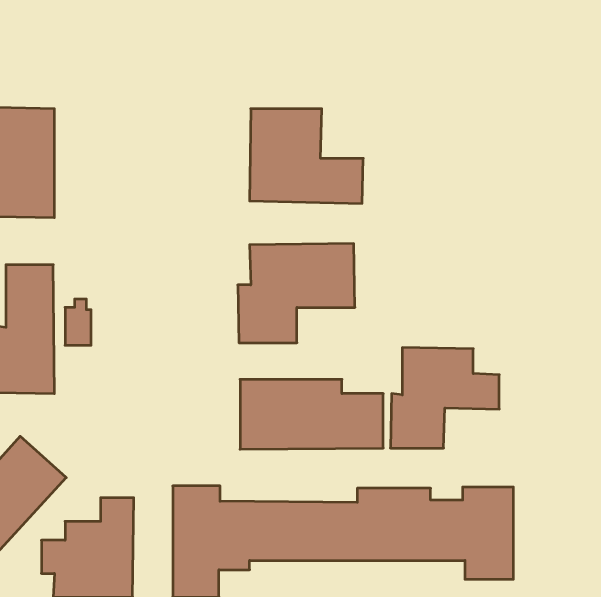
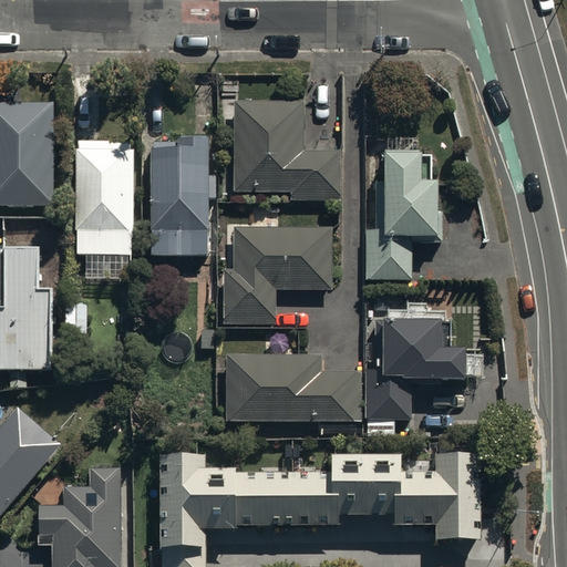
building: none -> [74,147,132,250]
building: none -> [147,148,208,256]
building: none -> [367,159,439,280]

